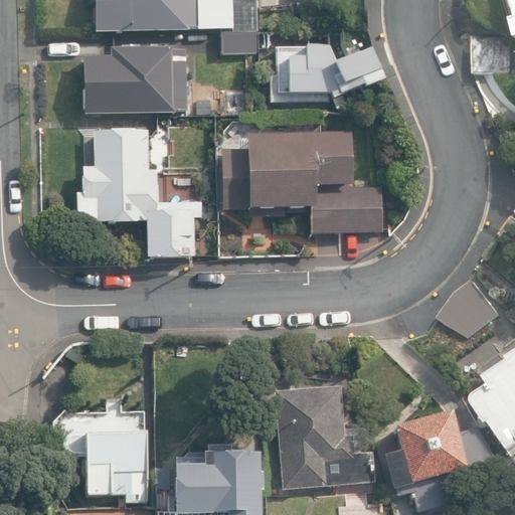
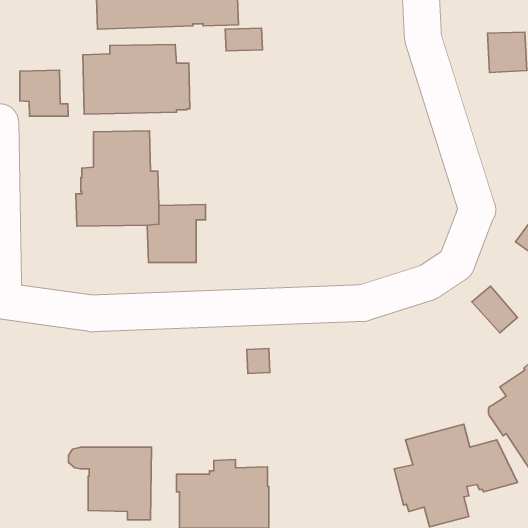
building: [272,30,388,103] -> none
building: none -> [20,70,68,116]
building: [222,133,384,232] -> none
building: [276,385,377,489] -> none

